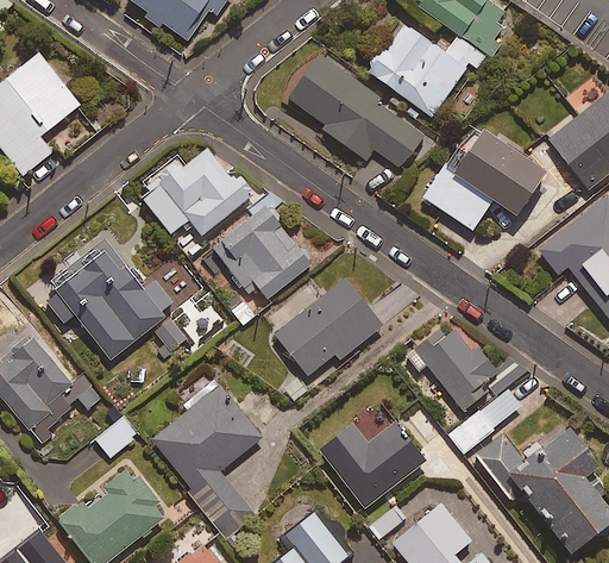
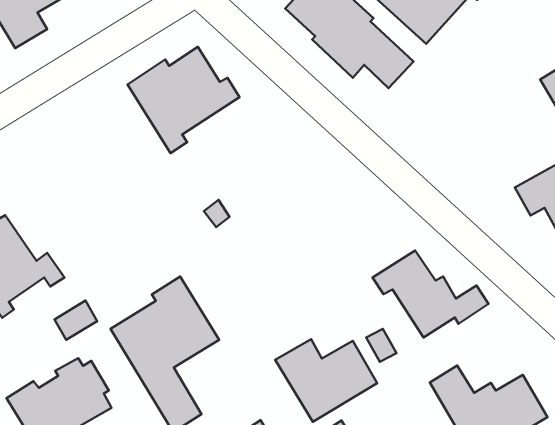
building: [423,125,546,231] -> none
building: [213,202,315,293] -> none
building: [49,236,183,355] -> none
building: [275,277,382,375] -> none
building: [448,387,521,451] -> none

